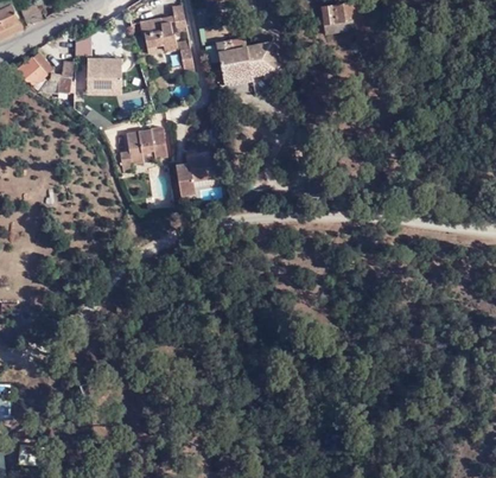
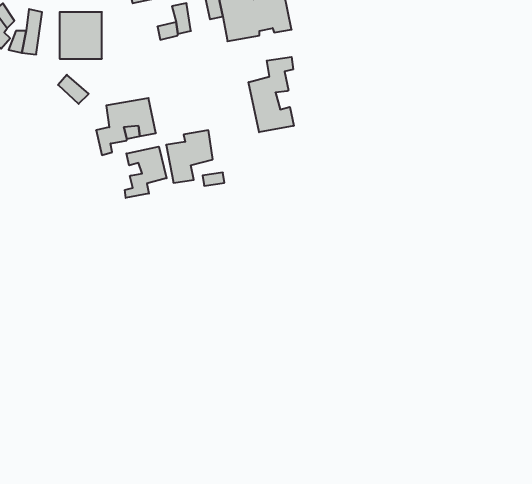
building: none -> [249,57,294,132]
building: none -> [125,147,167,198]

